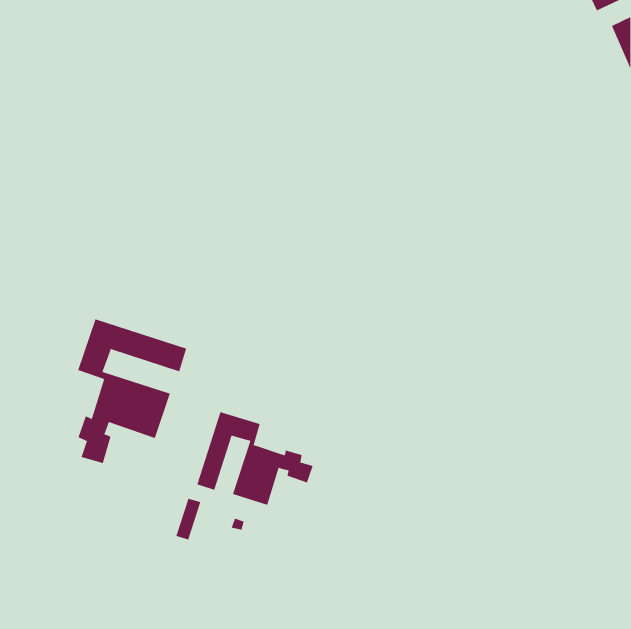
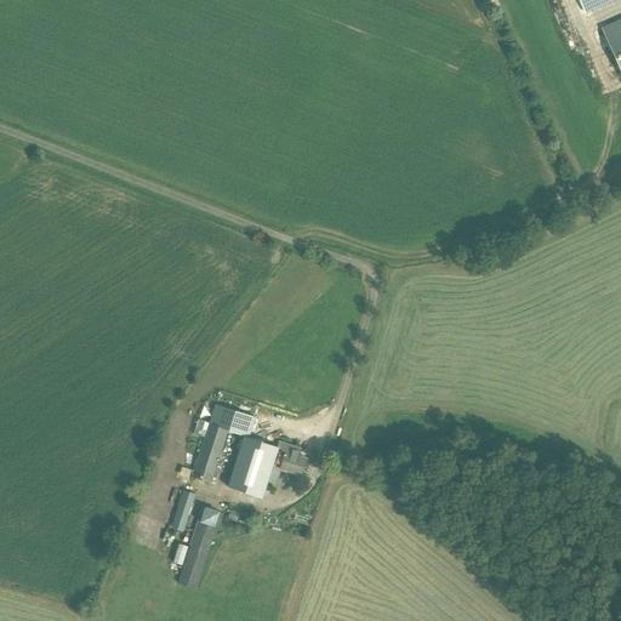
building: [77,318,187,464] -> none
building: none -> [180,505,221,581]

